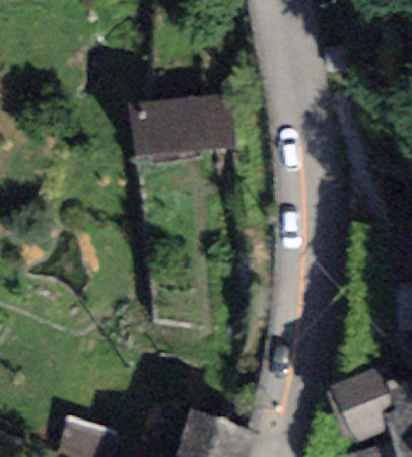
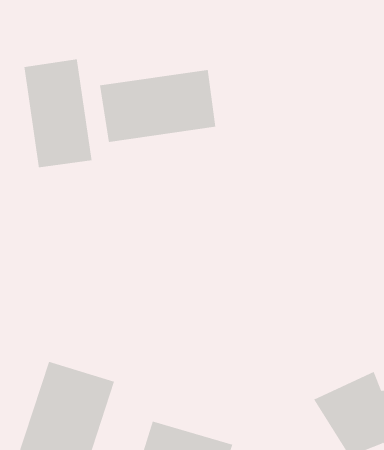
building: none -> [24,59,92,168]

